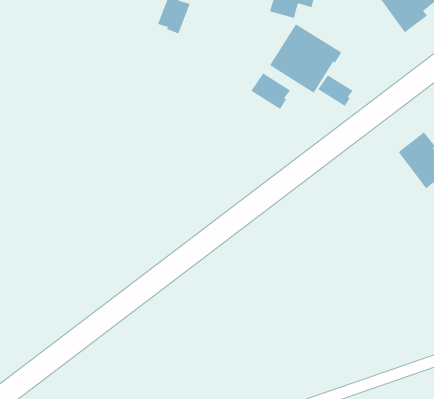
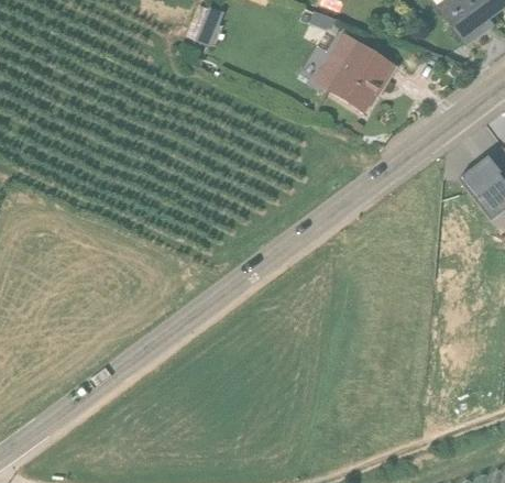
building: [250,73,291,110] -> none
building: [317,74,353,107] -> none

